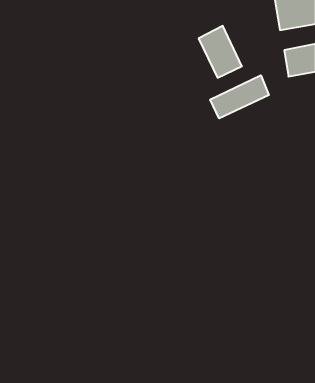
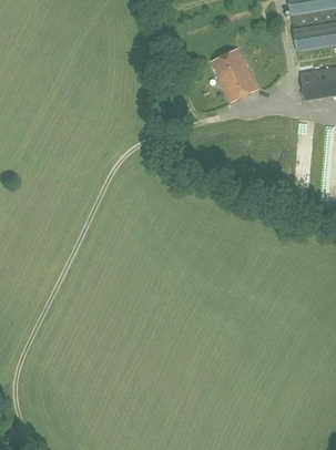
building: [210,75,269,118] -> none

